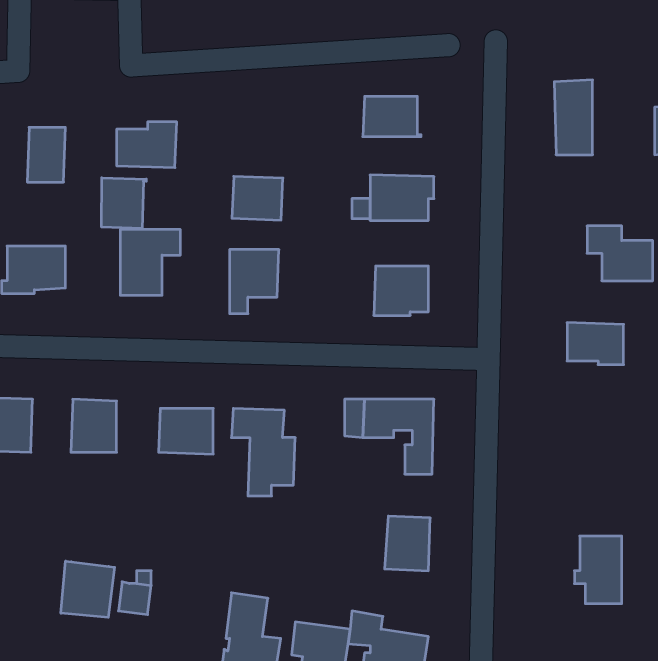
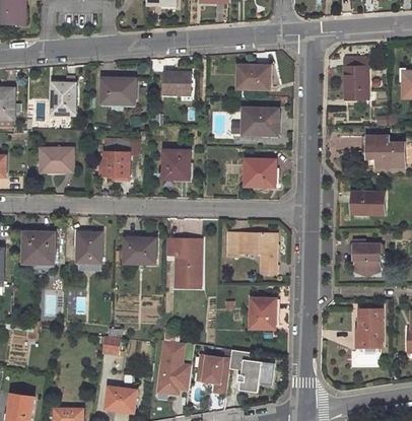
building: [232,176,283,220] -> [162,71,191,95]
building: [102,178,146,228] -> none
building: none -> [350,240,382,270]
building: [61,561,115,617] -> none

